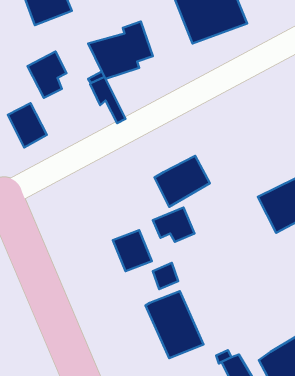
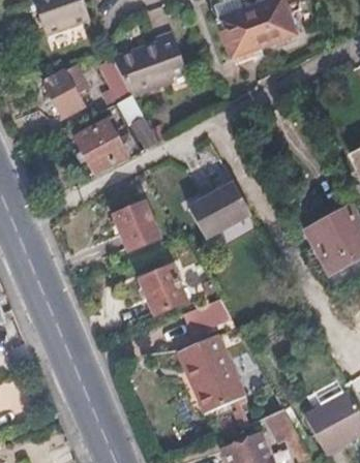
building: [8,103,47,148] -> [80,117,124,167]
building: none -> [114,205,157,251]
building: [153,207,194,242] -> none

